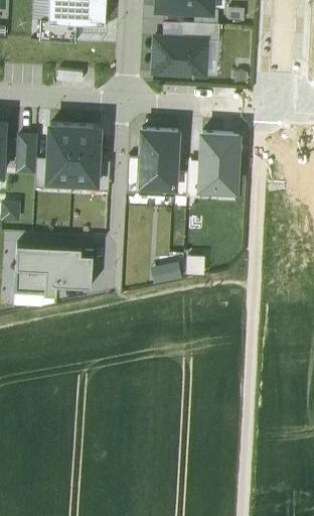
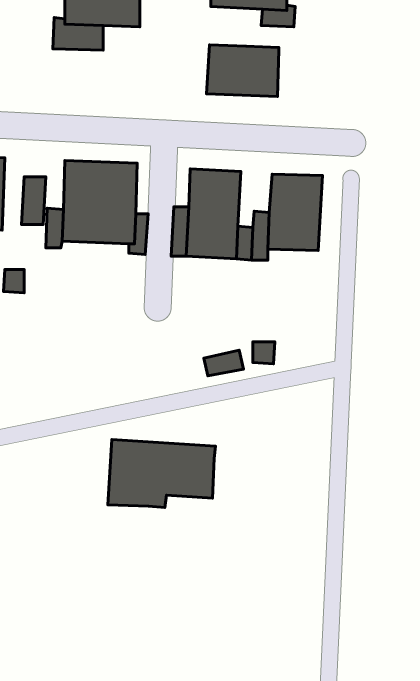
building: [183,23,220,42] -> none
building: [15,244,95,294] -> [108,439,215,508]

